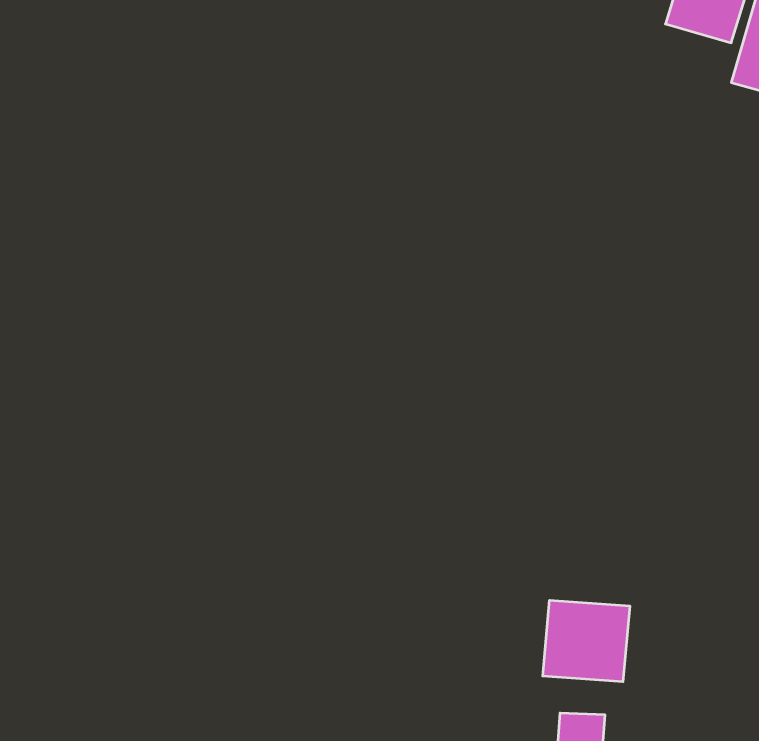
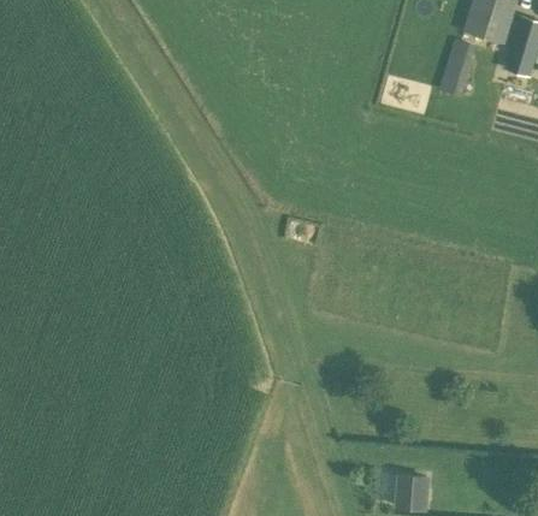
building: none -> [441,38,475,96]
building: [543,600,630,682] -> none

